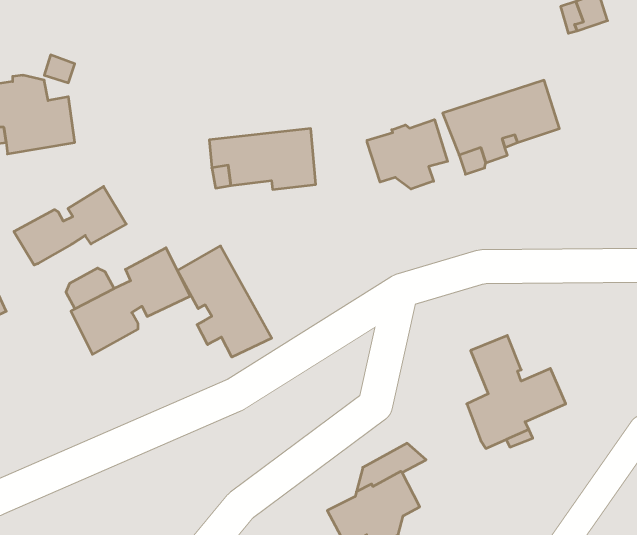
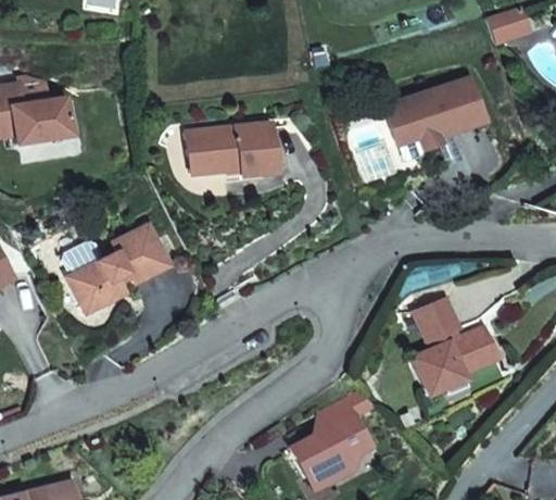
building: [367,120,448,189] -> none
building: [14,186,126,265] -> none
building: [177,246,272,357] -> none

